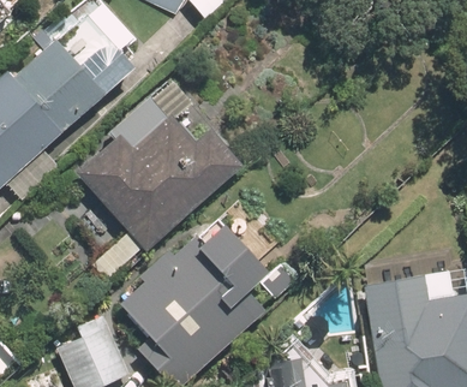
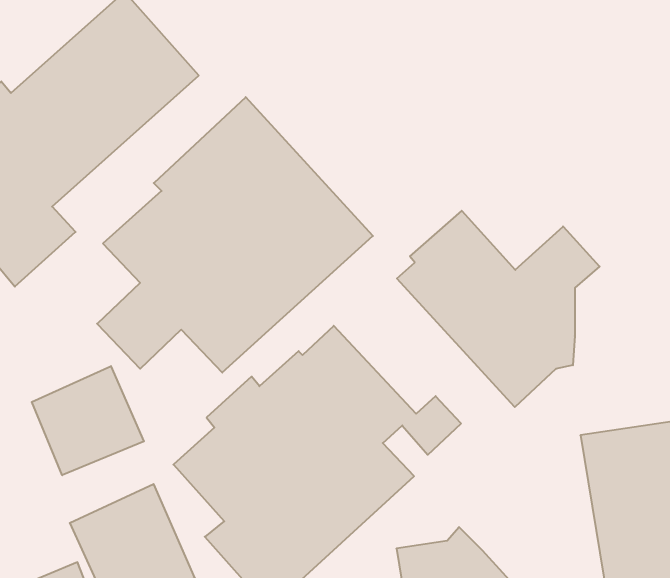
building: none -> [397,211,600,407]
building: none -> [32,366,144,475]

